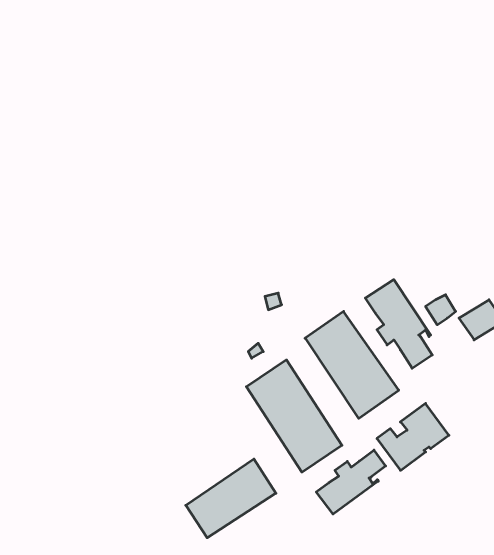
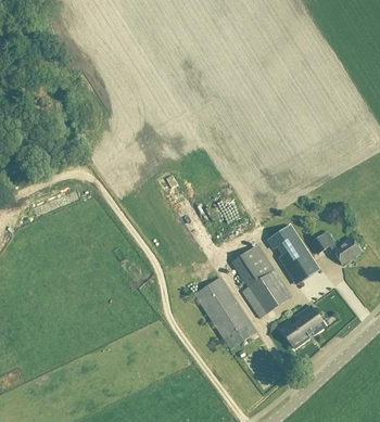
building: [316,450,386,514] -> none
building: [186,459,276,538] -> none

